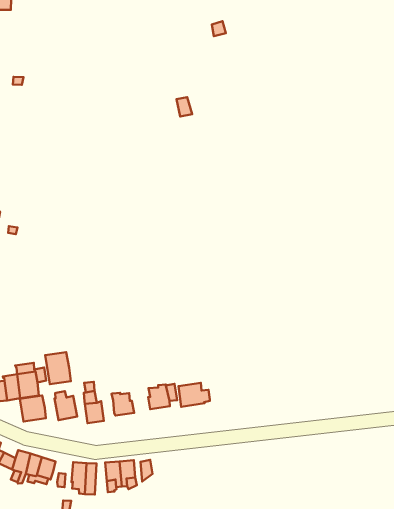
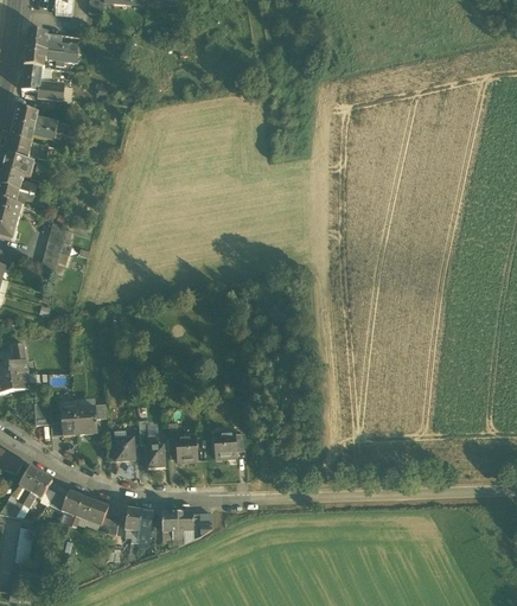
building: [45,352,71,384] -> none
building: [179,383,210,407] -> none
building: [20,396,46,421] -> none

